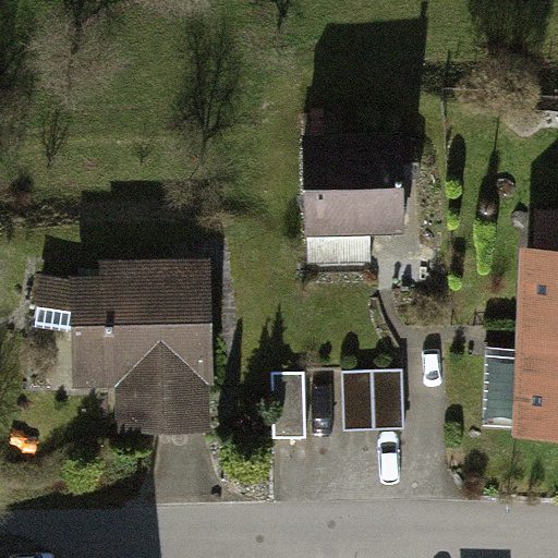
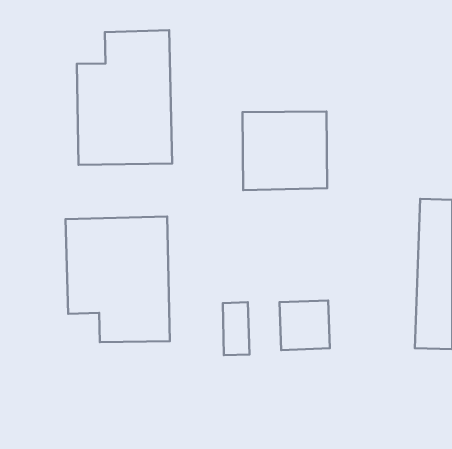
building: none -> [77,30,172,165]

